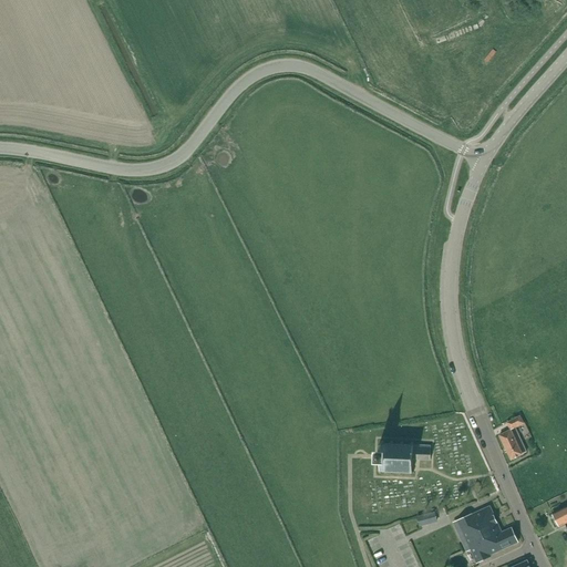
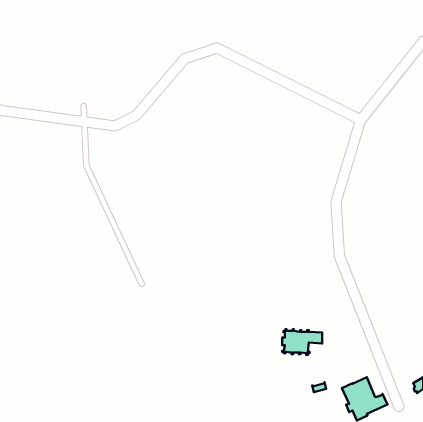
building: [499,415,527,458] -> none

